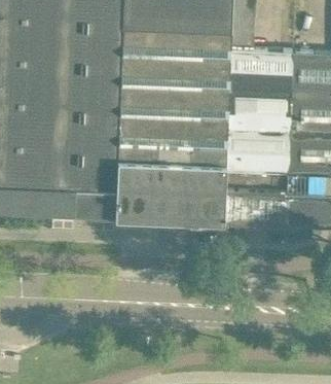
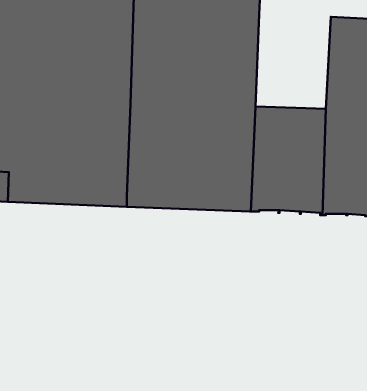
building: [226,53,291,134] -> none

